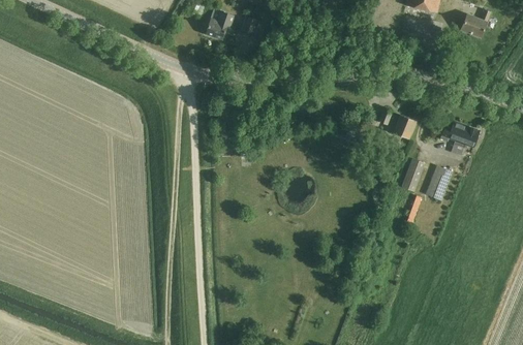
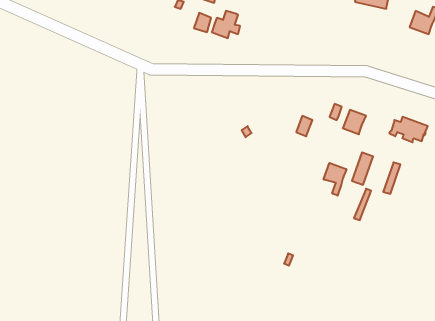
building: [205,11,234,39] -> [212,11,240,38]
building: none -> [324,163,346,196]

